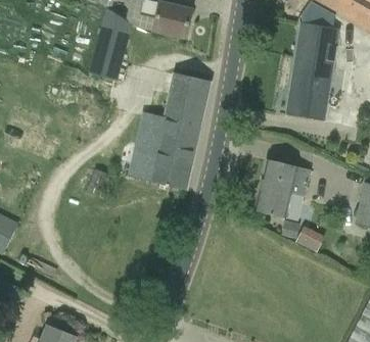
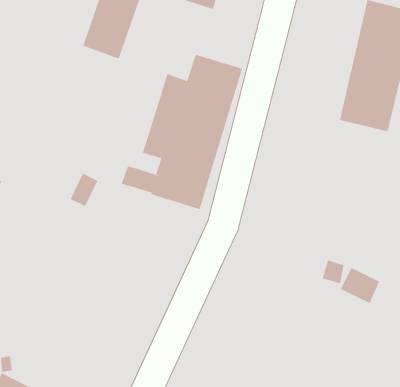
building: [255,159,311,221] -> none

